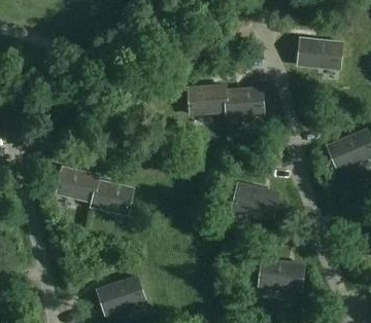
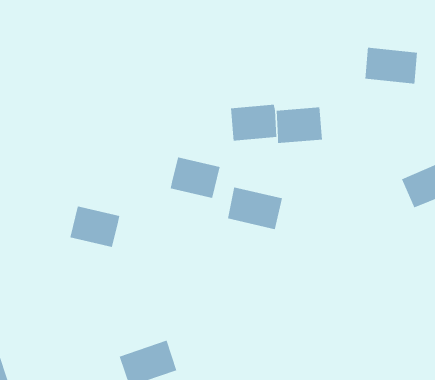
building: [92,182,133,216] -> [170,157,221,199]
building: [233,184,278,219] -> [227,187,283,230]
building: [260,261,303,292] -> none

